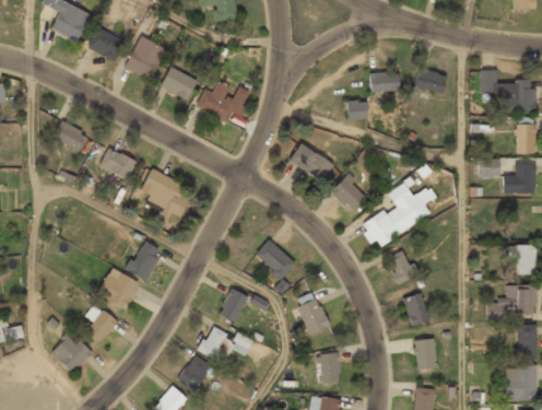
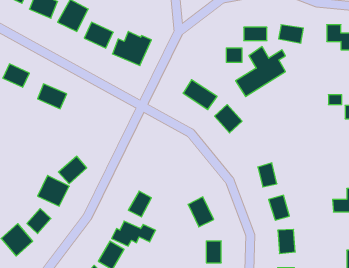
building: [139,168,189,216] -> none
building: [368,183,434,248] -> [236,47,285,97]
building: [254,239,295,280] -> none

